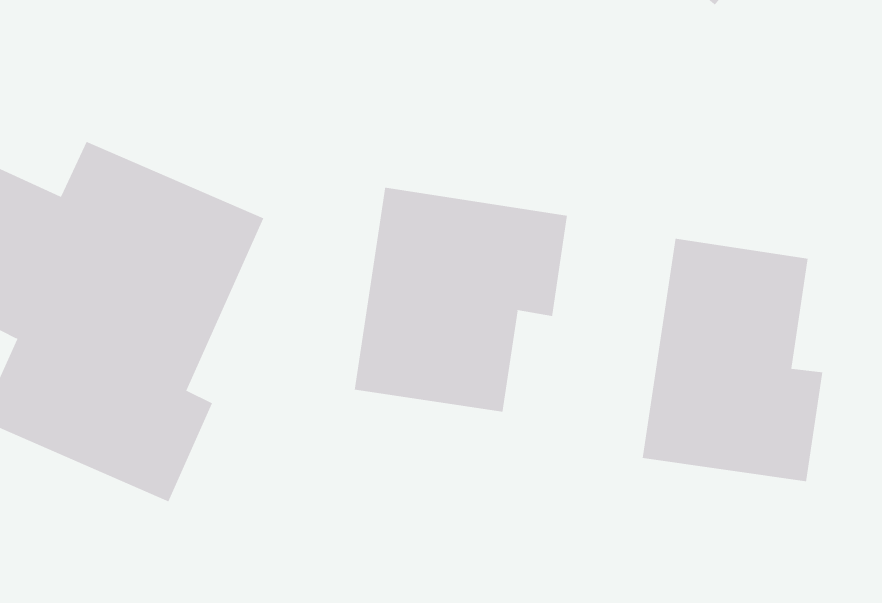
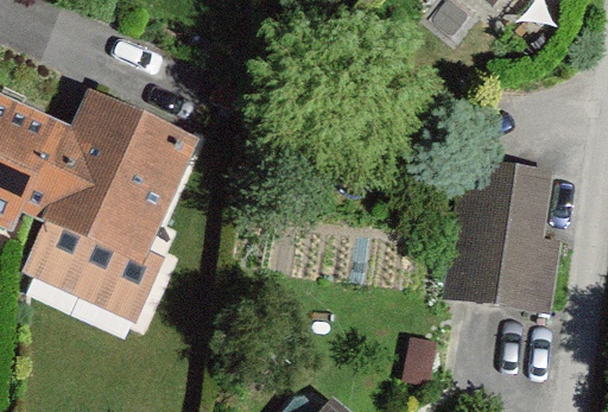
building: [354,187,568,412] -> none

